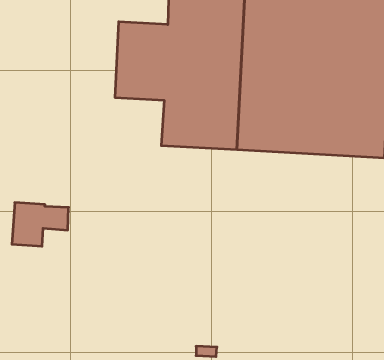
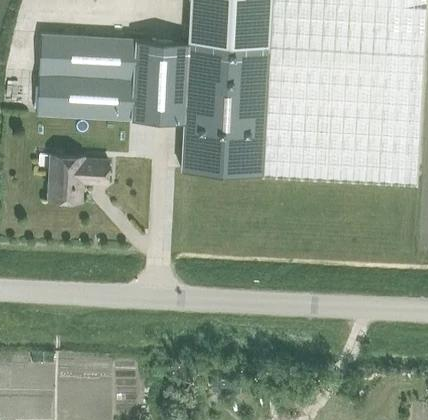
building: none -> [36,34,136,119]
building: [12,203,69,246] -> [48,155,108,201]

